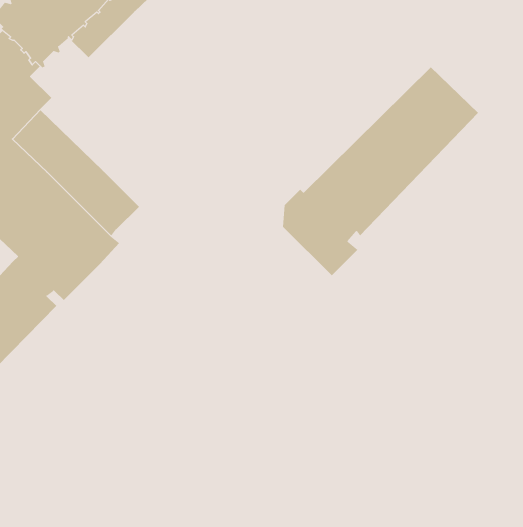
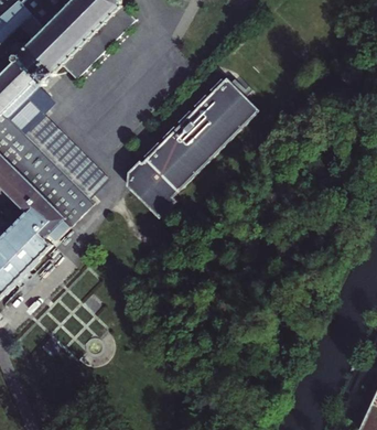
building: [282,67,479,276] -> [128,78,259,218]

